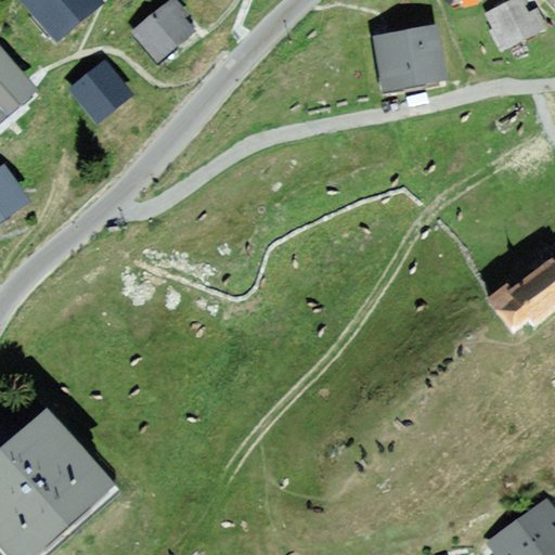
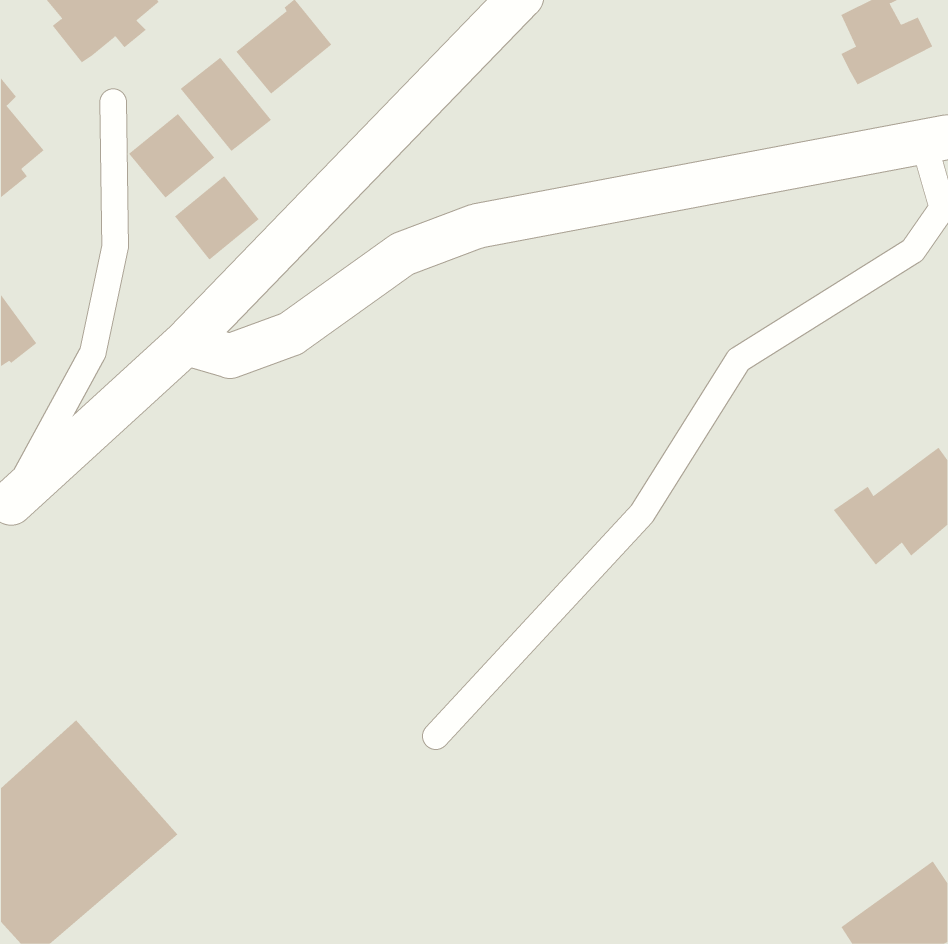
building: [378,21,438,85] -> none
building: none -> [180,57,272,152]
building: none -> [174,175,260,260]

